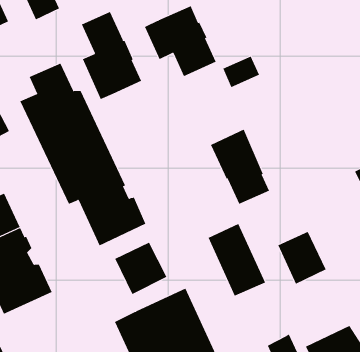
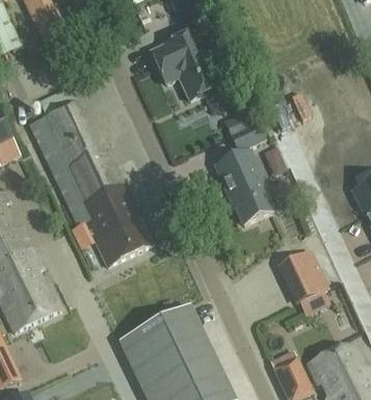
building: [81,11,142,100] -> none
building: [222,56,260,88] -> [229,121,265,152]
building: [208,223,266,297] -> none
building: [115,242,167,295] -> none

